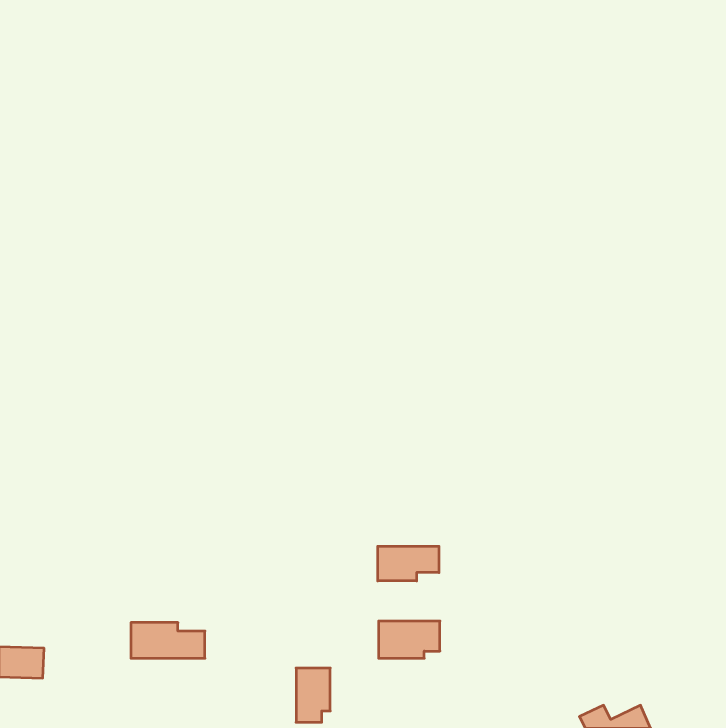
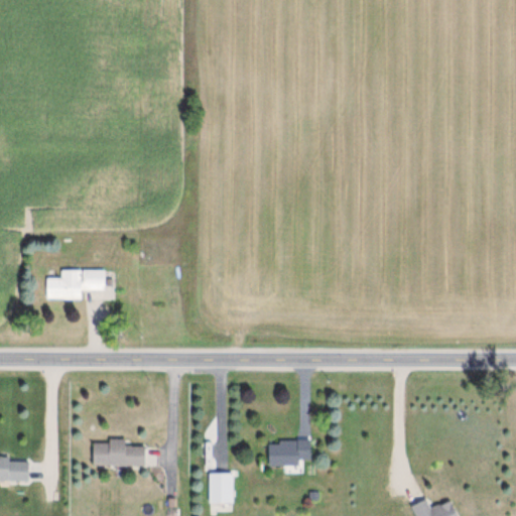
building: none -> [46,270,107,300]
building: [378,546,439,581] -> none

